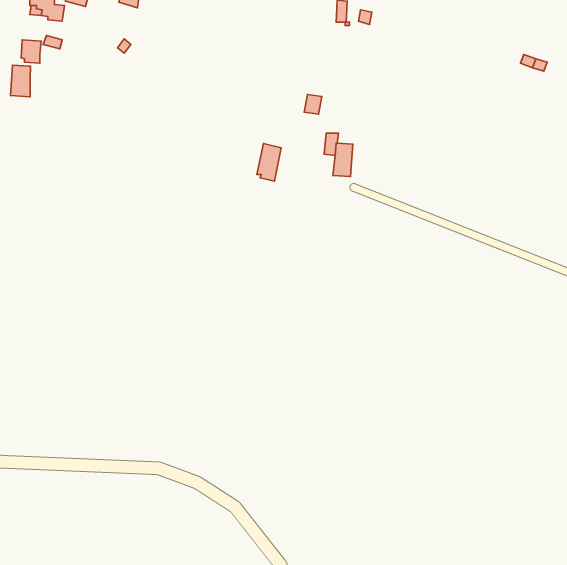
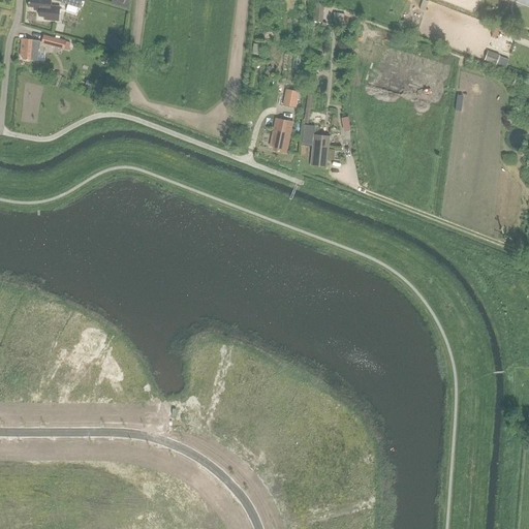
building: [11,65,31,97] -> none
building: [257,143,281,181] -> [270,116,292,151]

